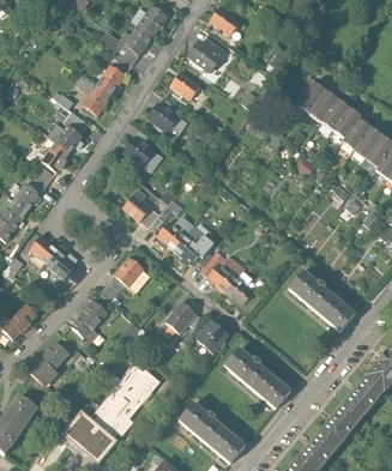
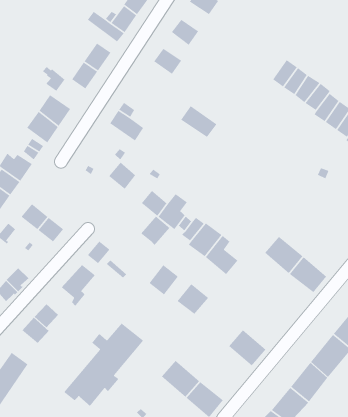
building: [147,102,187,137] -> [180,105,217,138]
building: [113,256,145,289] -> [140,216,171,246]
building: [224,348,266,388] -> none

